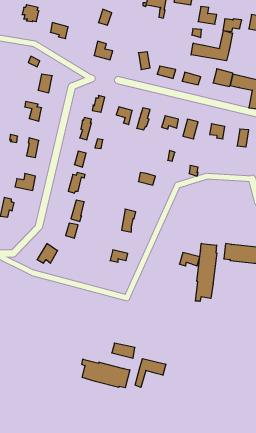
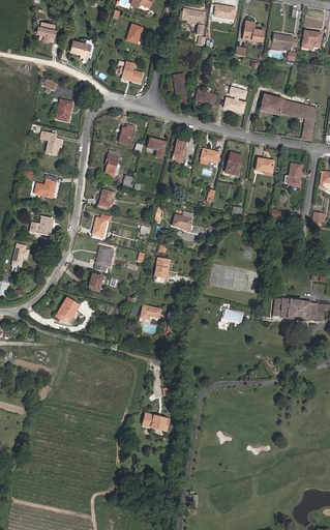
building: [191,31,233,61] -> none
building: [195,243,217,301] -> none
building: [135,359,166,387] -> none
building: [82,359,130,388] -> none

